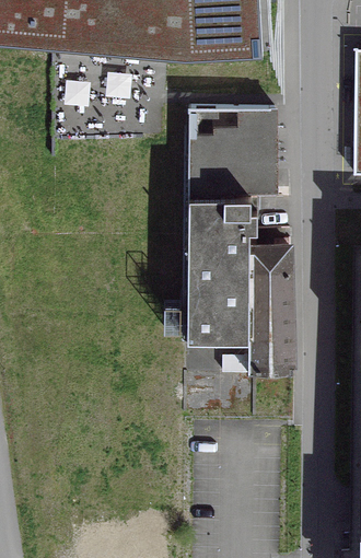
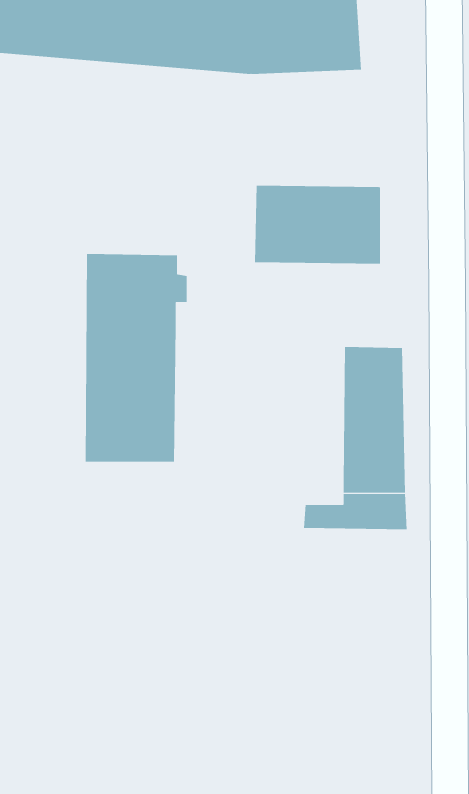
building: [187,105,273,135] -> none
building: [185,195,256,339] -> [85,254,187,462]

